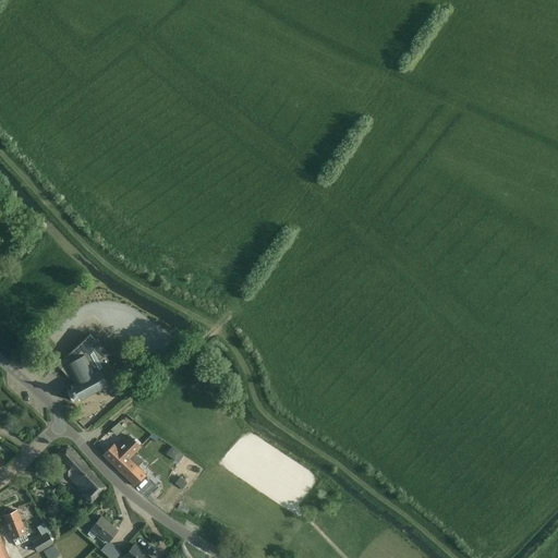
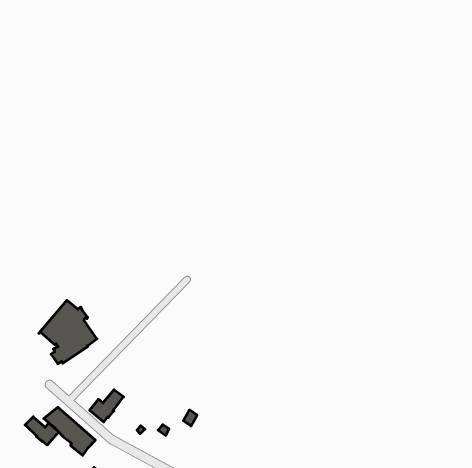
building: [117,453,146,486] -> none
building: none -> [25,417,59,445]

